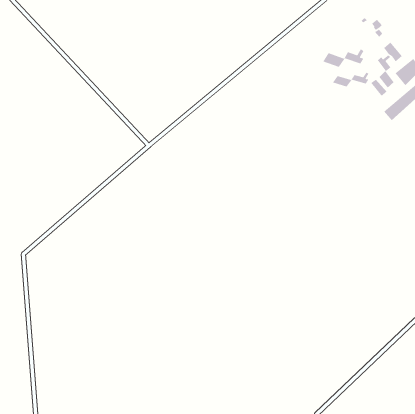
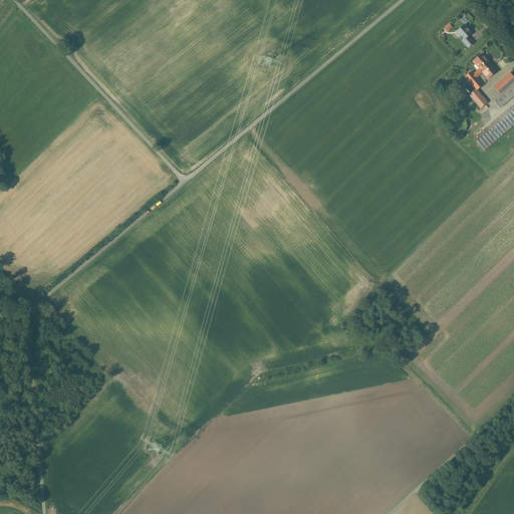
building: [322,48,365,68] -> none
building: [332,71,370,87] -> none

